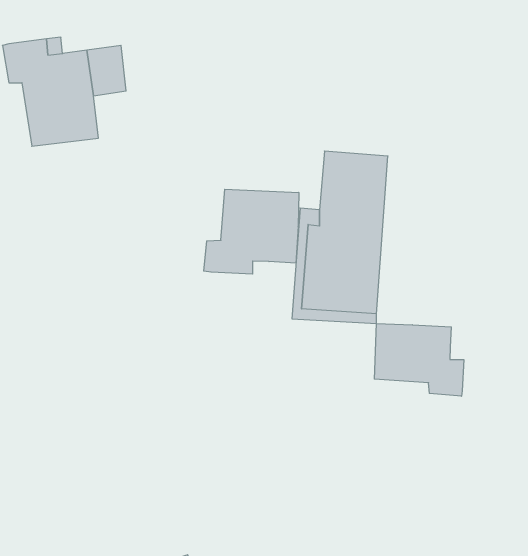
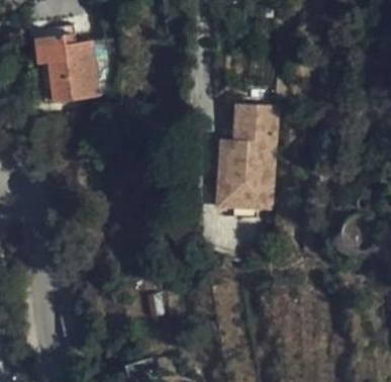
building: [204,189,299,274] -> none
building: [374,324,464,396] -> none

